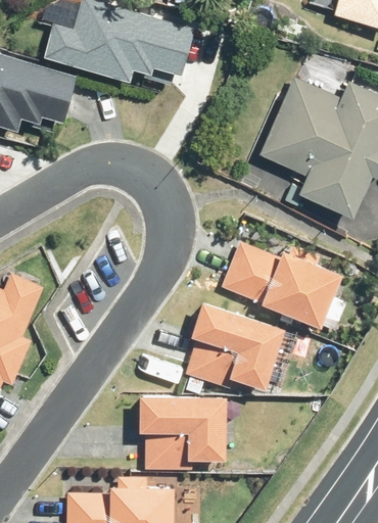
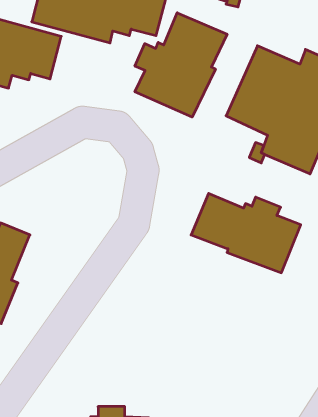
building: none -> [135,13,227,117]
building: [184,303,285,392] -> none
building: [138,398,225,469] -> none

